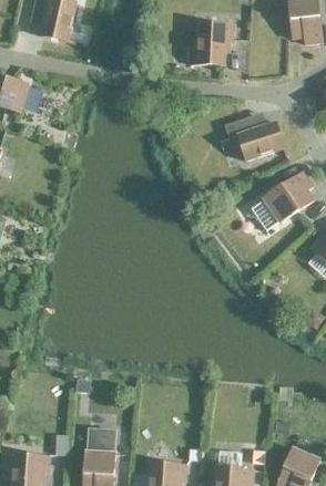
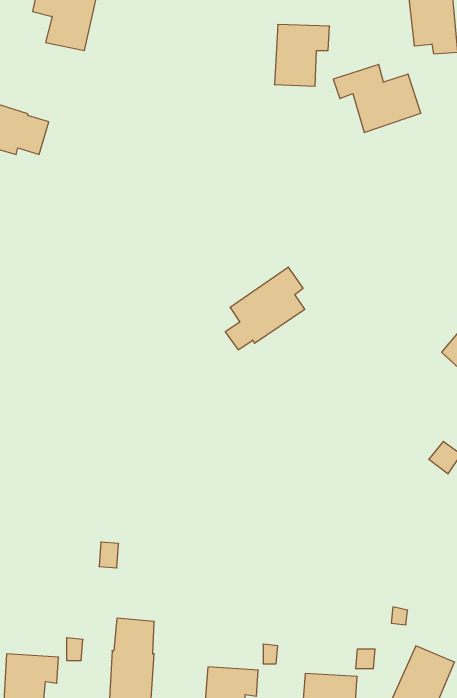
building: [223,113,283,159] -> [333,64,421,133]
building: [258,169,313,226] -> [225,267,305,350]

